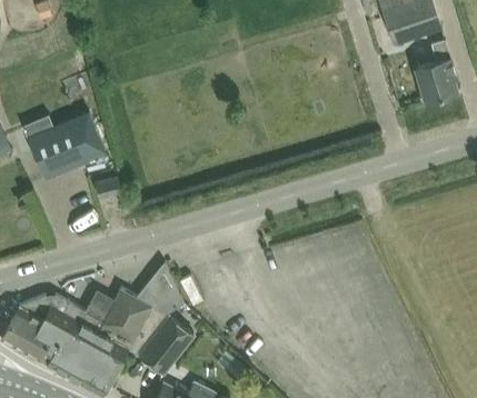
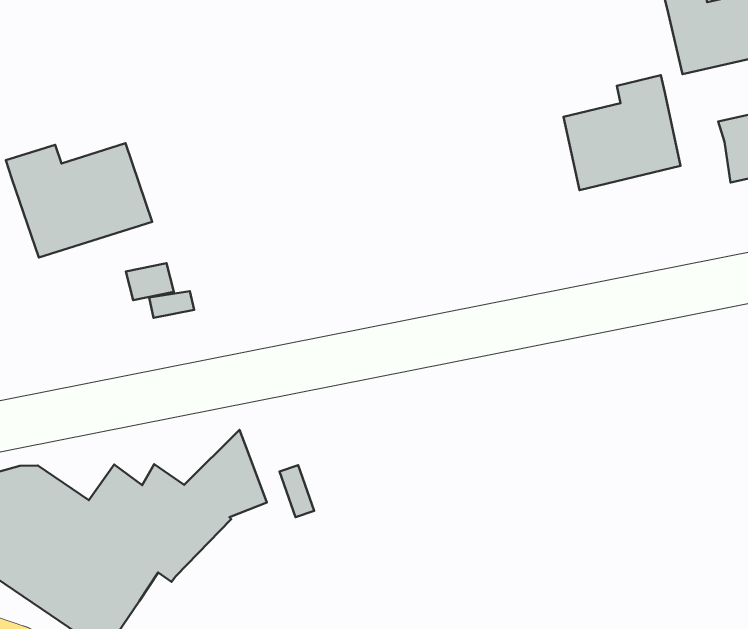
building: none -> [564,75,680,190]
building: [139,320,191,371] -> none

